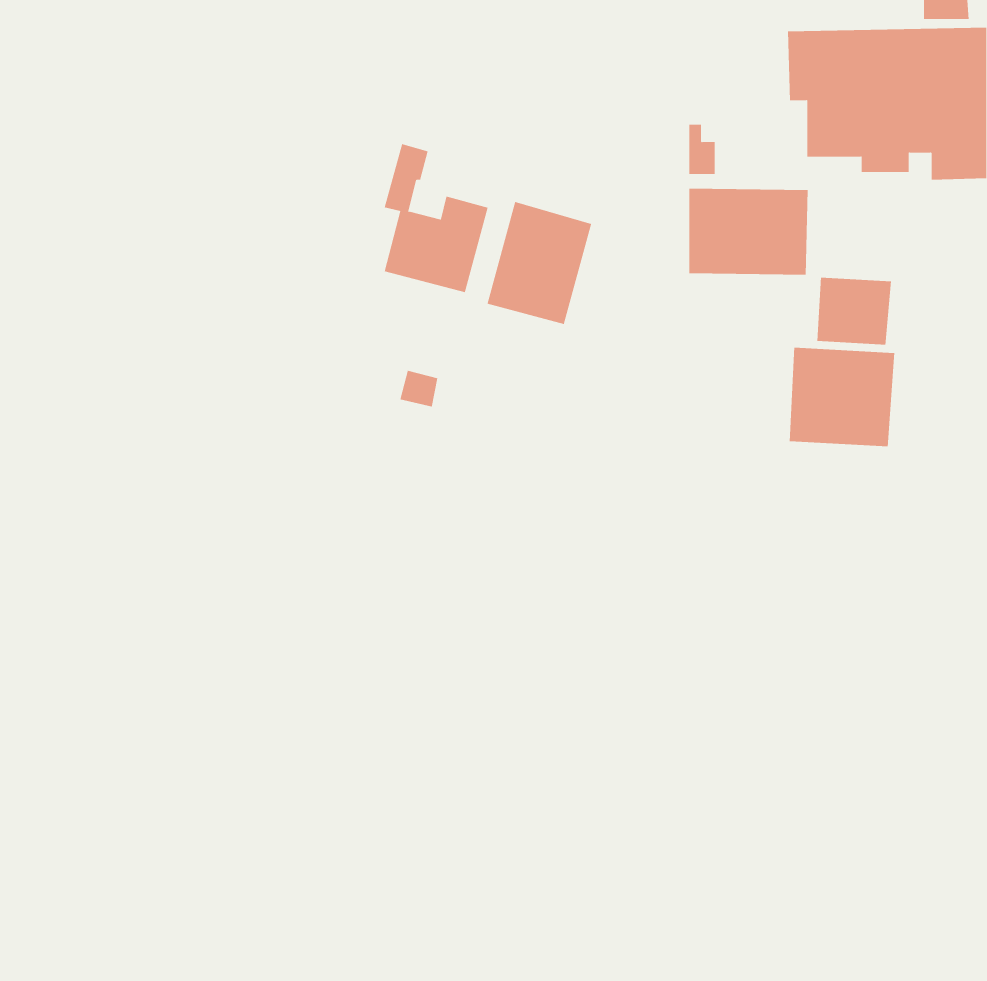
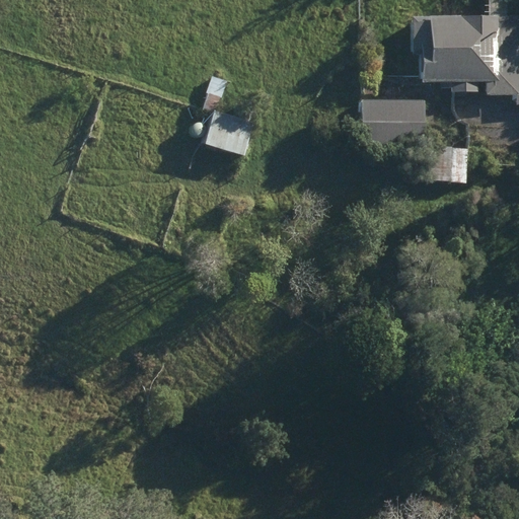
building: [487,201,592,325] -> none
building: [789,347,895,447] -> none

